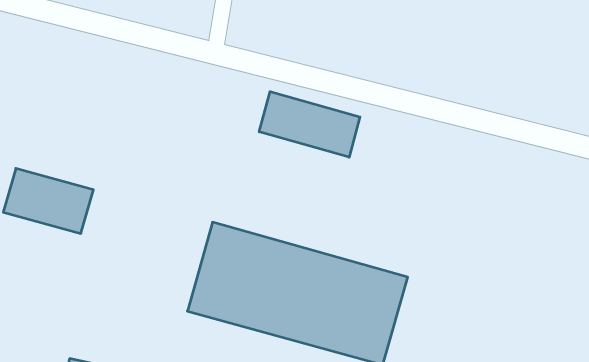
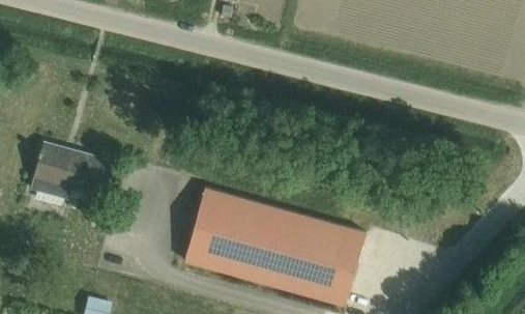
building: [259,92,360,157] -> none

